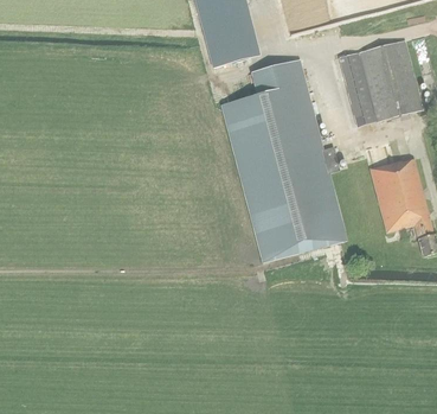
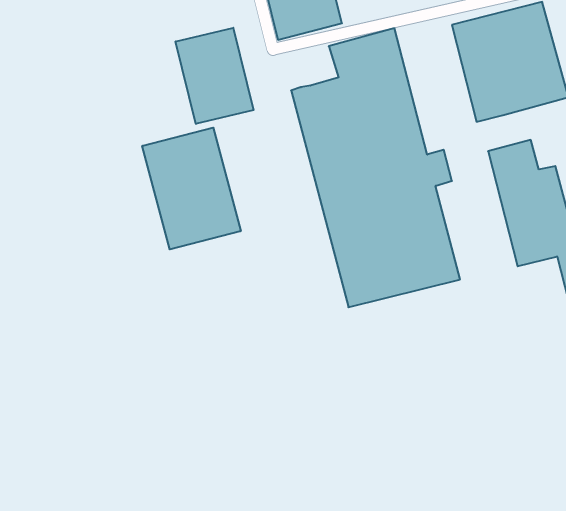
building: none -> [176,28,254,124]
building: none -> [142,128,241,249]

